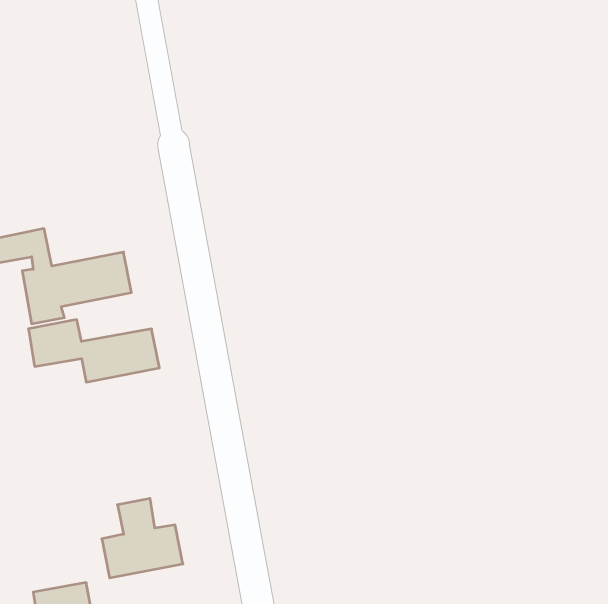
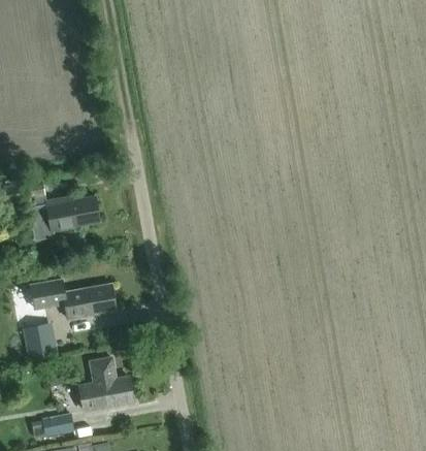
building: [28,320,159,382] -> [29,278,116,319]
building: none -> [22,322,57,358]

